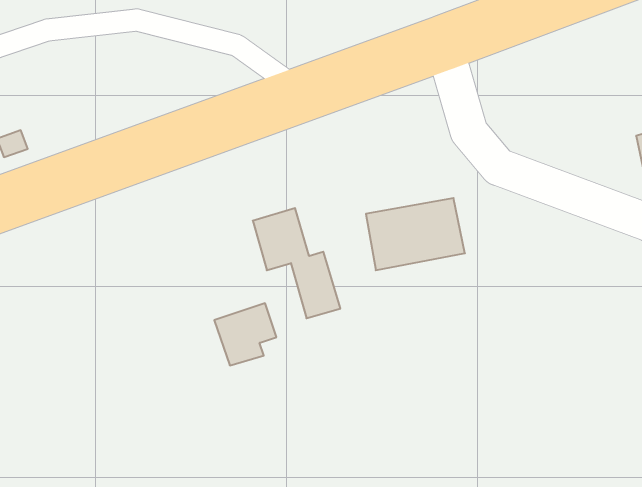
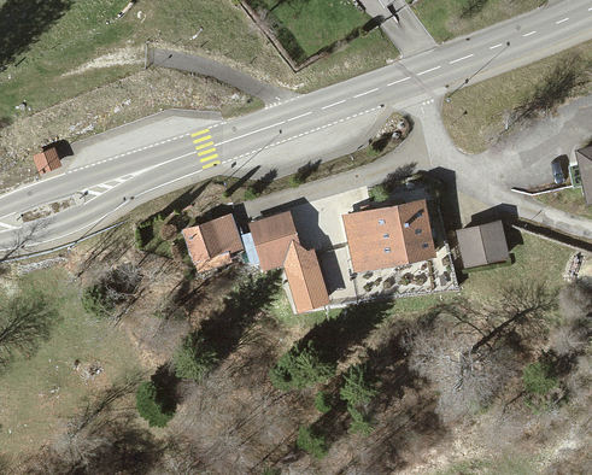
building: none -> [459,225,506,263]
building: [214,303,276,365] -> [186,216,239,269]

